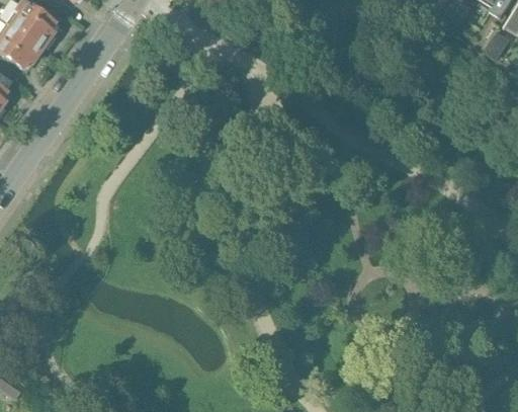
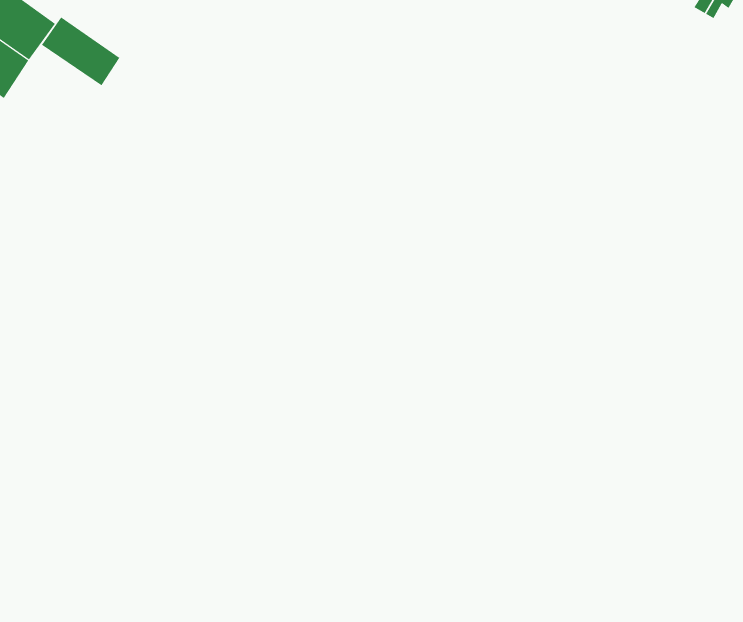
building: none -> [41,16,120,86]

